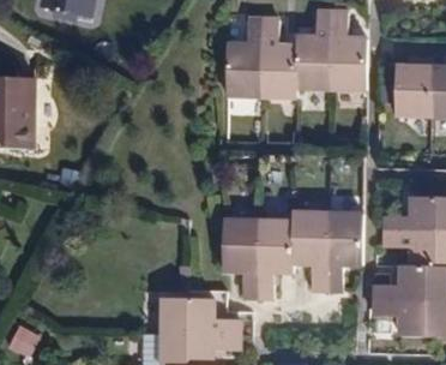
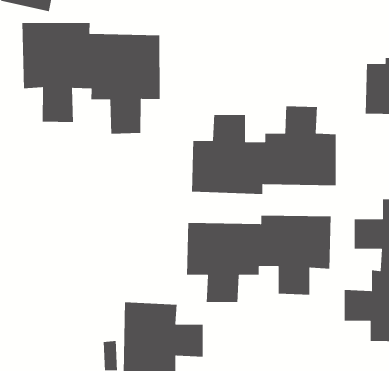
building: [225,11,366,97] -> [191,105,337,195]
building: none -> [22,22,161,134]

